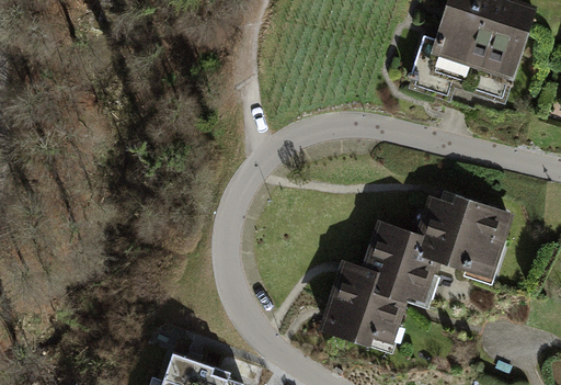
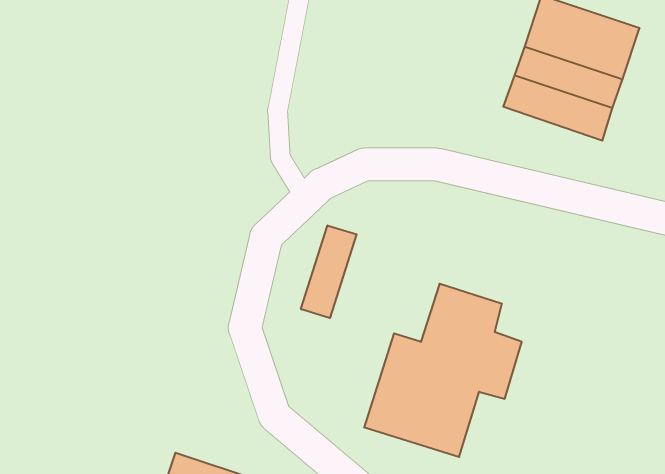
building: none -> [301,225,357,318]
building: [419,190,513,282] -> none

